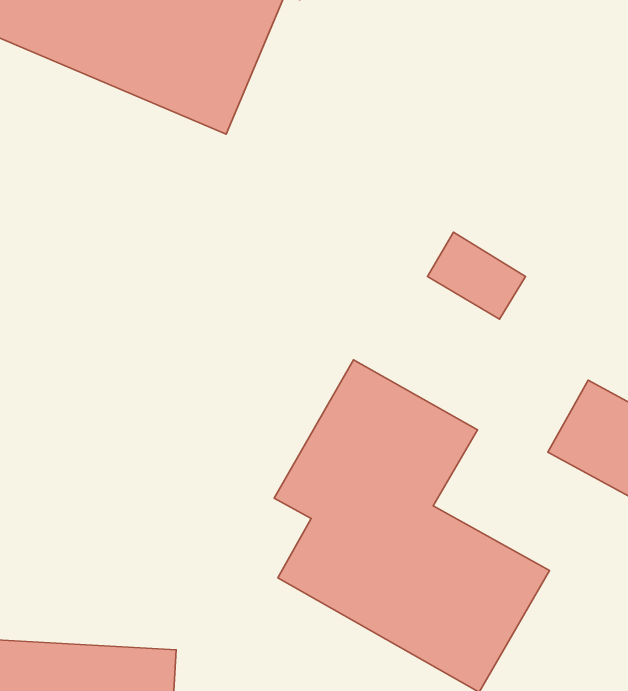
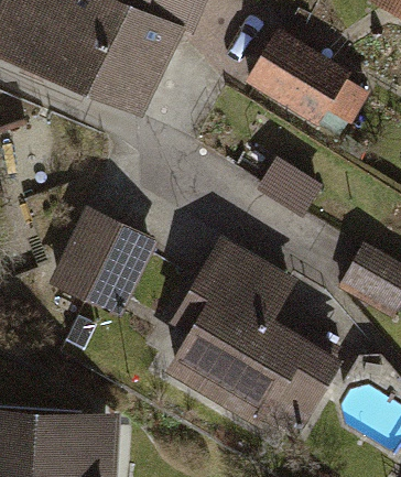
building: none -> [251,33,375,138]
building: none -> [55,217,152,315]

